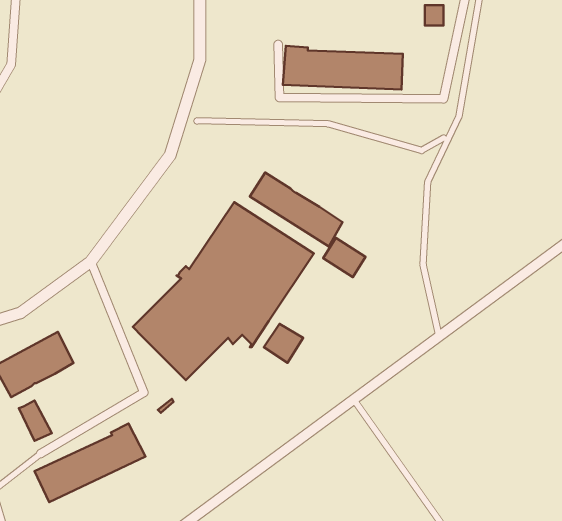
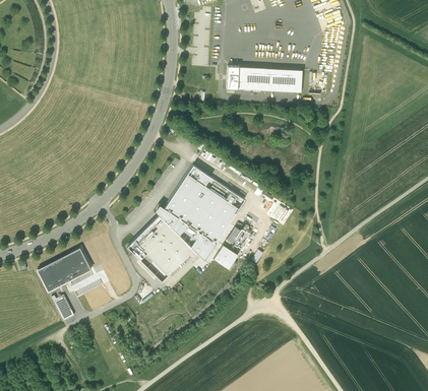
building: [250,173,343,246] -> none
building: [34,424,145,502] -> none

